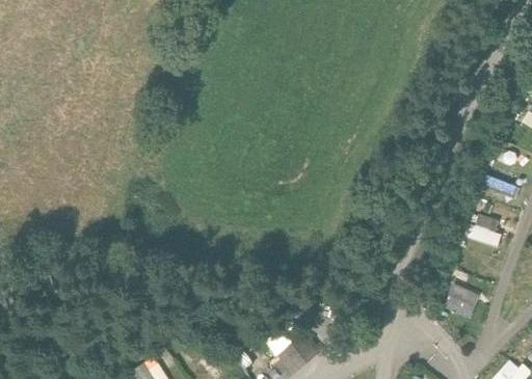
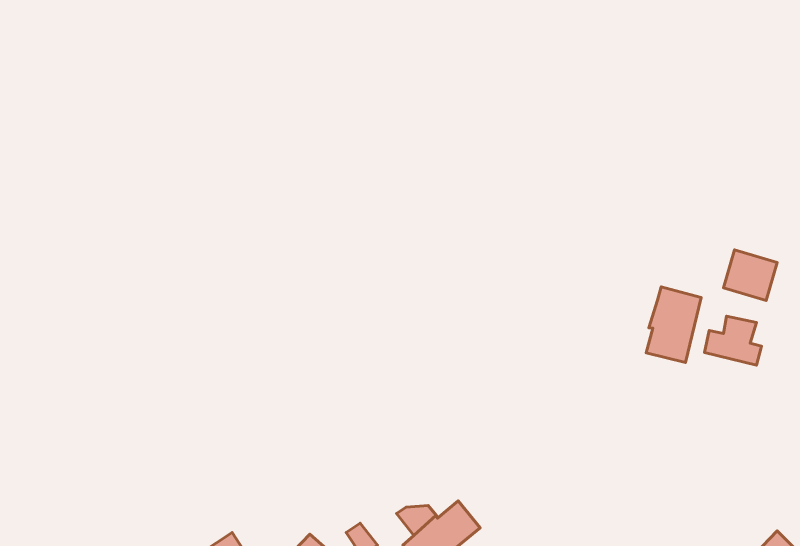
building: none -> [646,287,701,362]
building: [443,283,481,319] -> none

